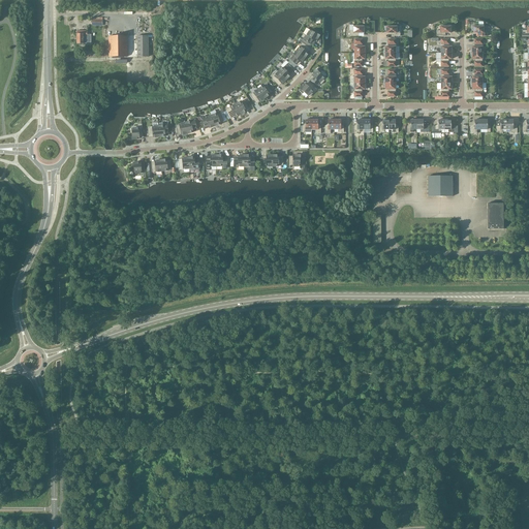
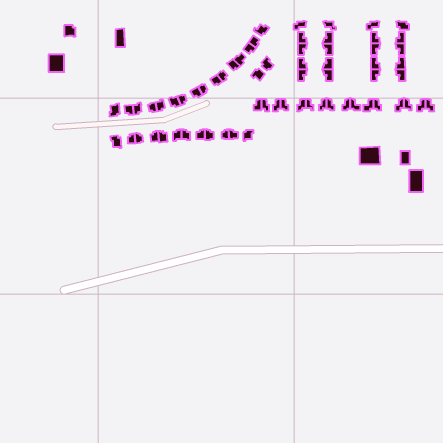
building: [110,35,128,56] -> [49,55,64,72]

